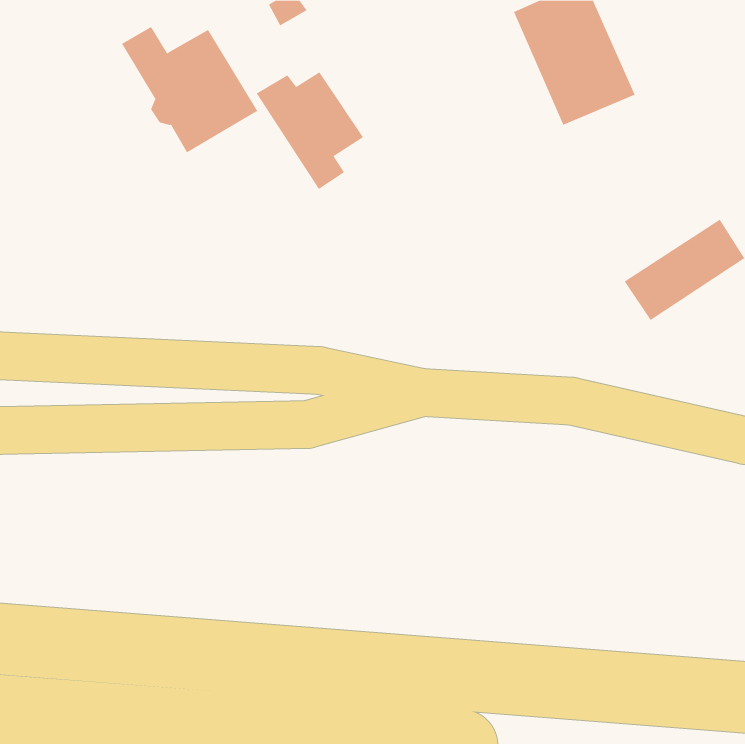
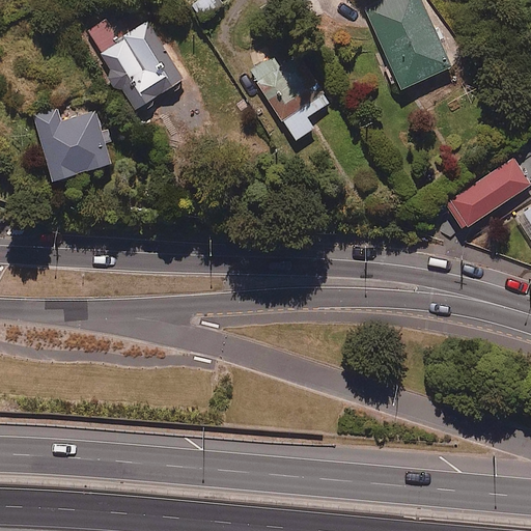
building: [256,72,364,190] -> [251,56,328,140]
building: none -> [33,109,112,179]

